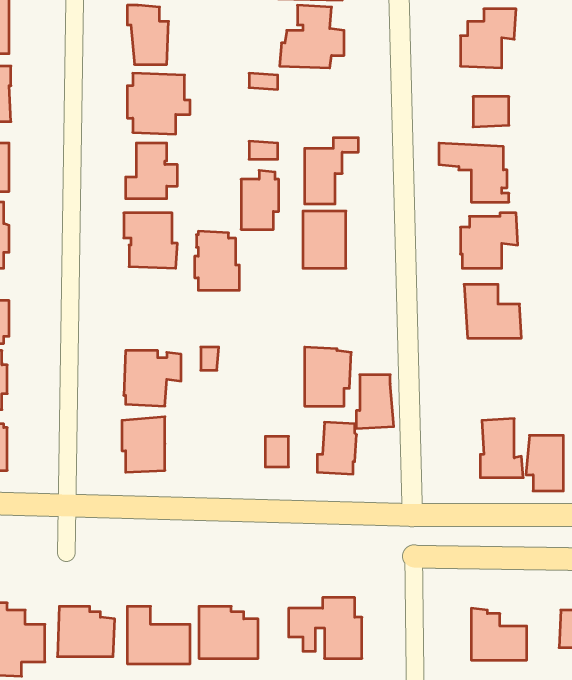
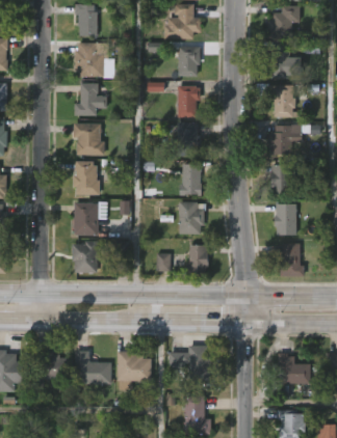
building: [241,170,279,229] -> [178,42,200,76]
building: [195,231,239,290] -> [73,161,99,195]
building: [356,375,394,428] -> [180,164,202,195]
building: [526,435,563,491] -> [274,204,295,237]

